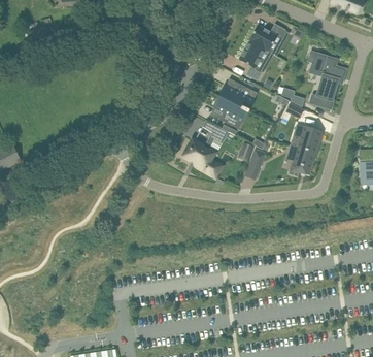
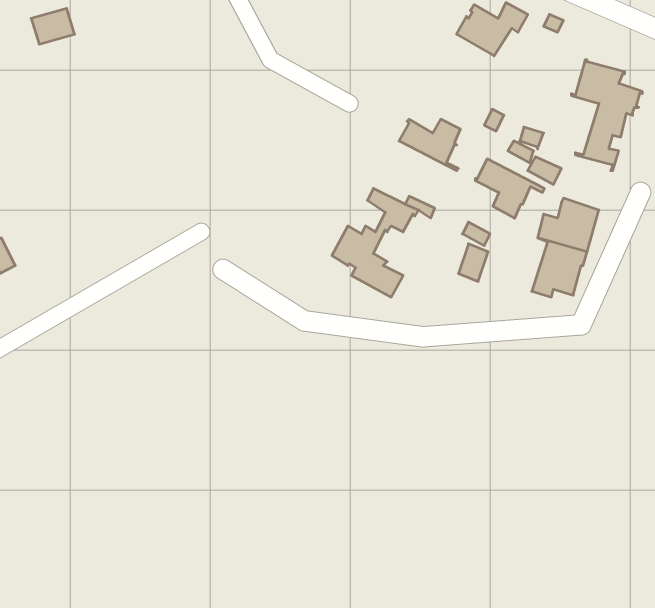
building: [238,39,268,80] -> none
building: [212,95,248,126] -> [475,159,544,218]

